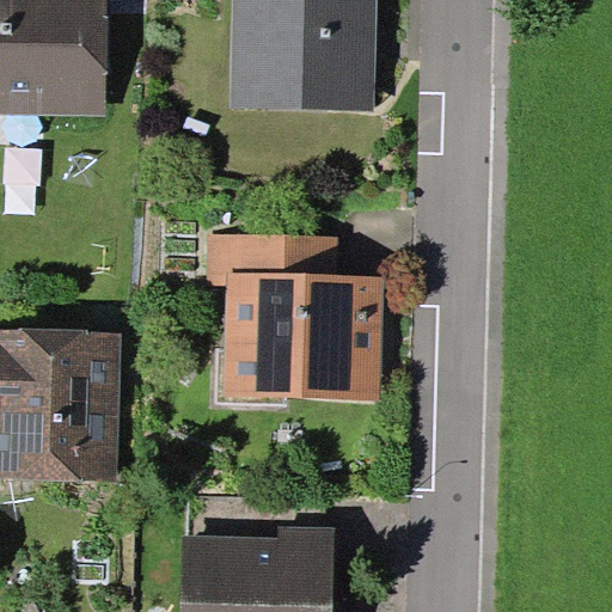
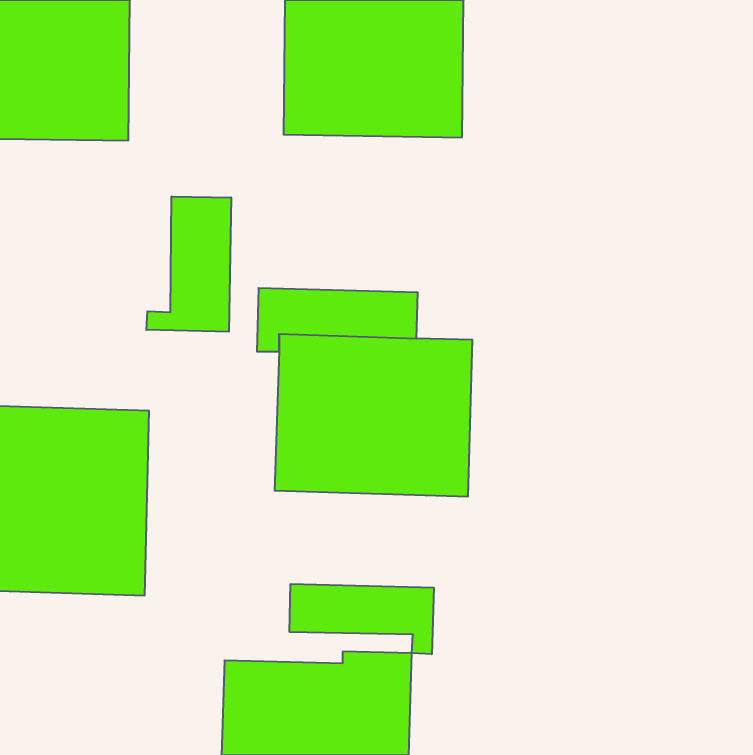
building: none -> [146,196,231,332]
building: none -> [290,584,434,654]

